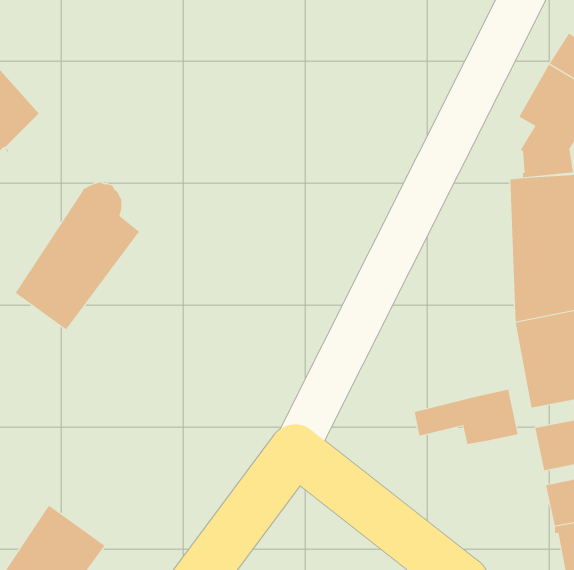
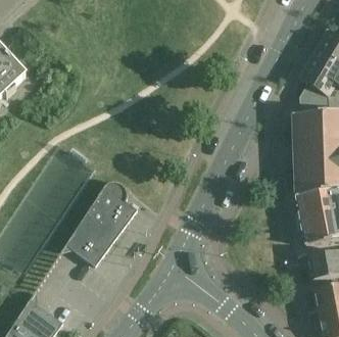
building: [15,182,140,330] -> [65,181,137,266]
building: [414,389,518,445] -> none

